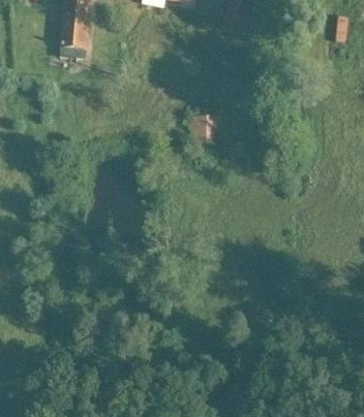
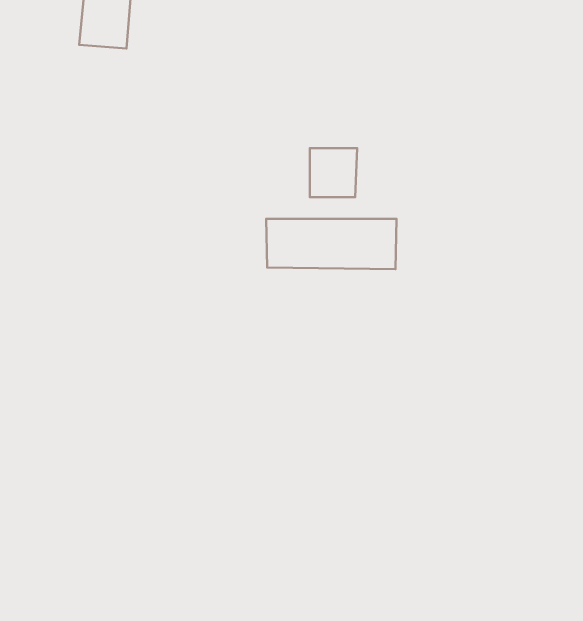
building: none -> [266,219,396,269]

